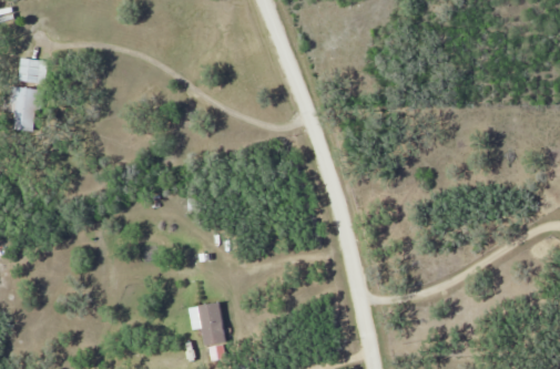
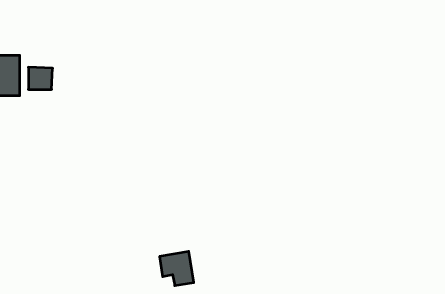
building: [20,59,47,83] -> [28,67,53,89]

